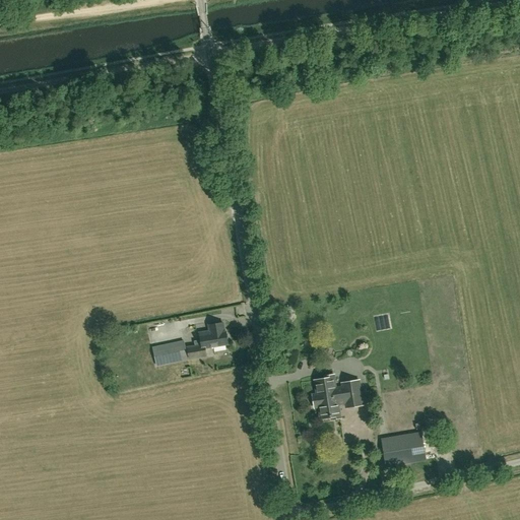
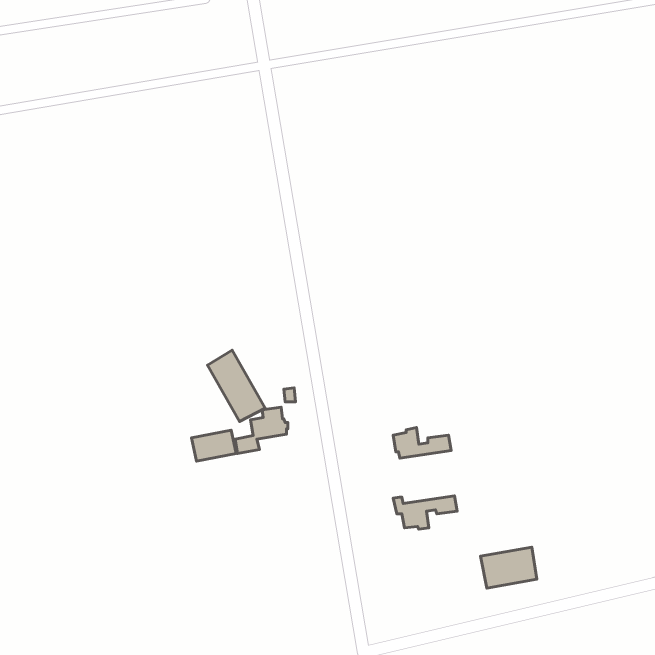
building: none -> [208,350,265,421]
building: [314,374,360,398] -> [393,427,451,458]

